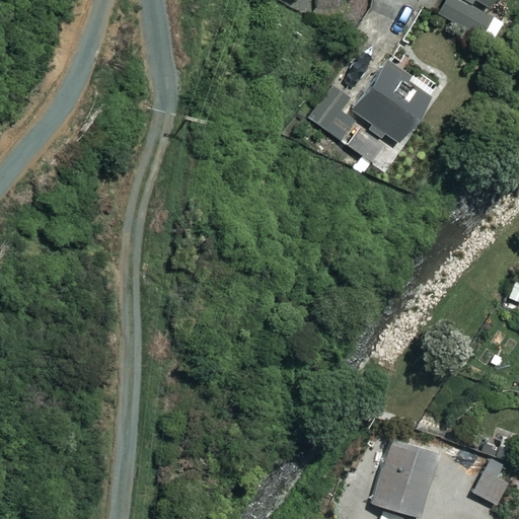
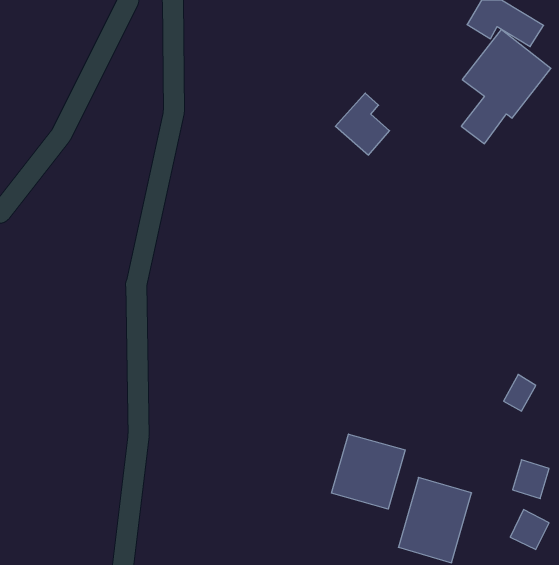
building: [350,61,432,165] -> [461,30,551,144]
building: none -> [332,434,405,509]

